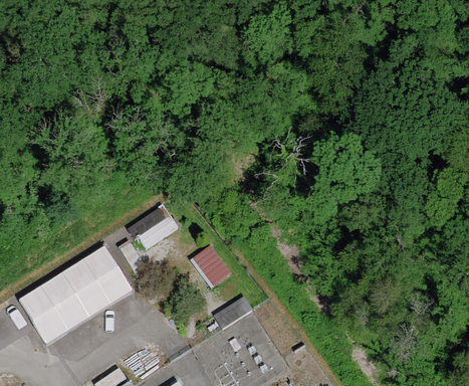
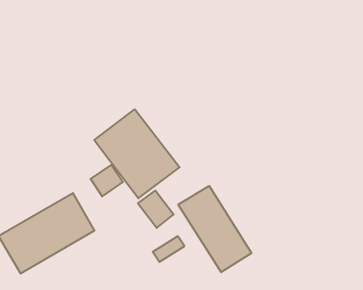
building: none -> [94,109,180,198]
building: none -> [178,186,251,272]

